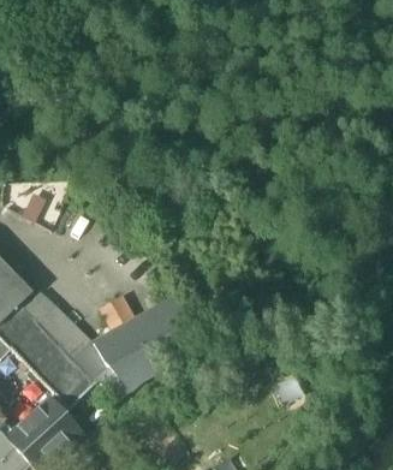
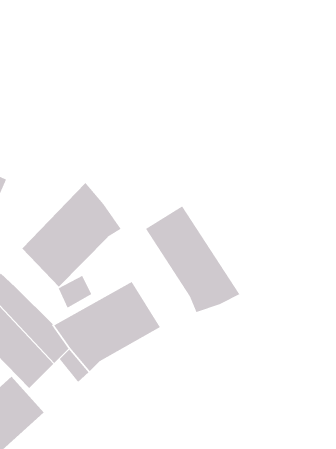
building: none -> [21,182,122,288]
building: none -> [145,206,241,313]

